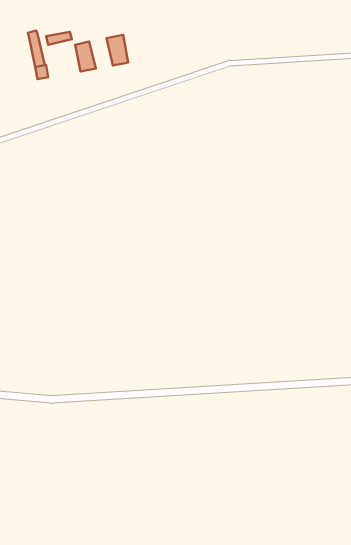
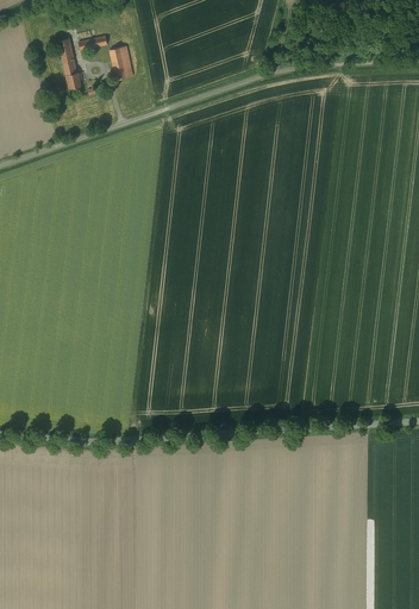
building: [106,35,128,66] -> none

